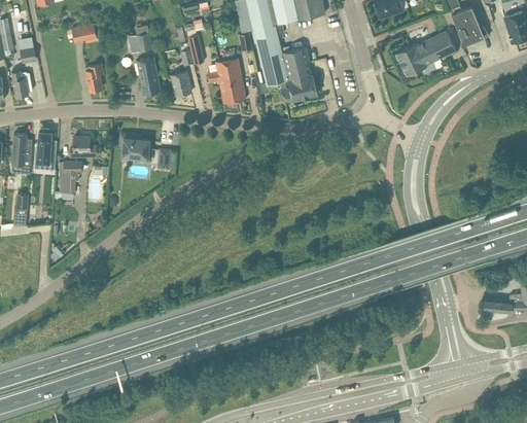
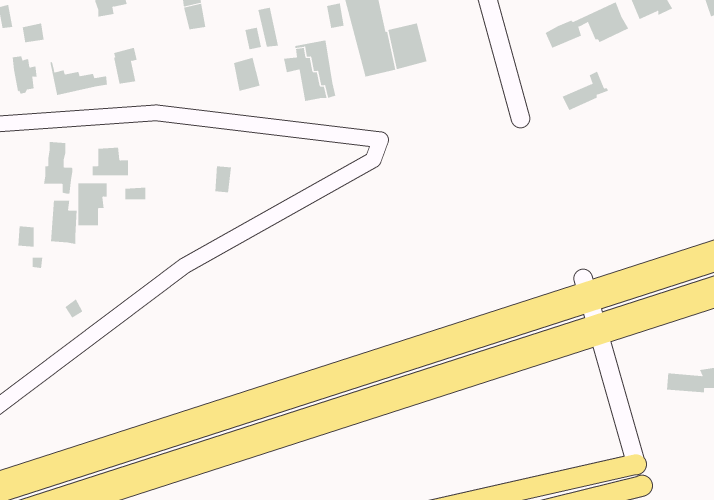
building: [401,47,435,76] -> [562,71,609,111]
building: [137,58,161,95] -> none
building: none -> [50,61,107,96]
building: [280,75,317,104] -> none
building: [12,135,32,167] -> [50,200,77,244]
building: [120,136,151,162] -> none

